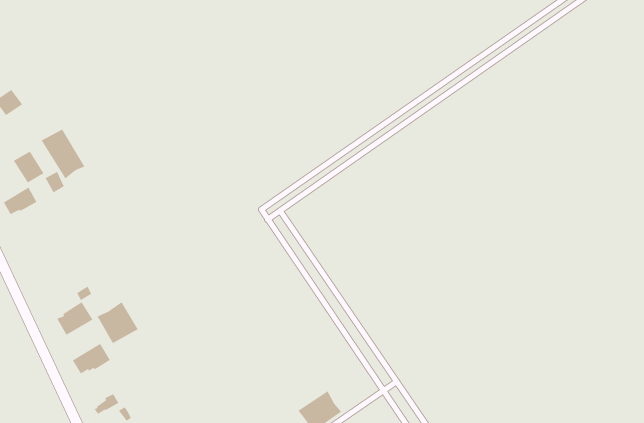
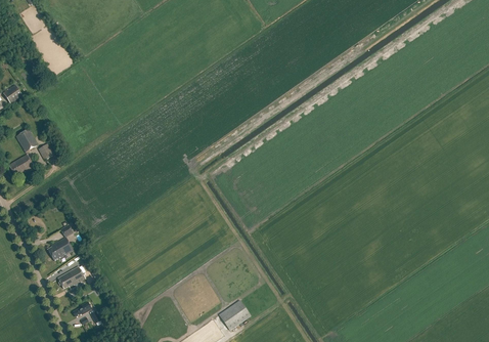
building: [41,128,85,179] -> none
building: [97,301,139,344] -> none

